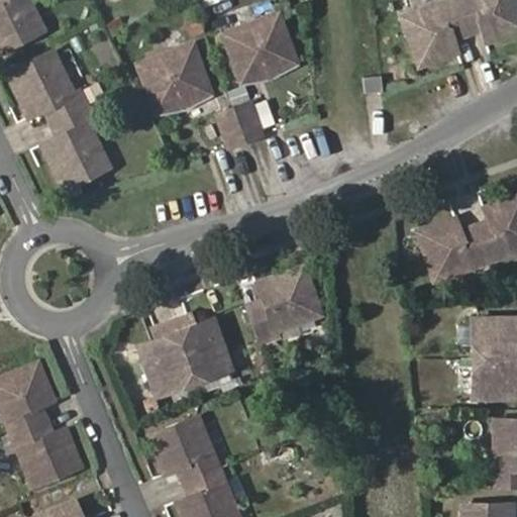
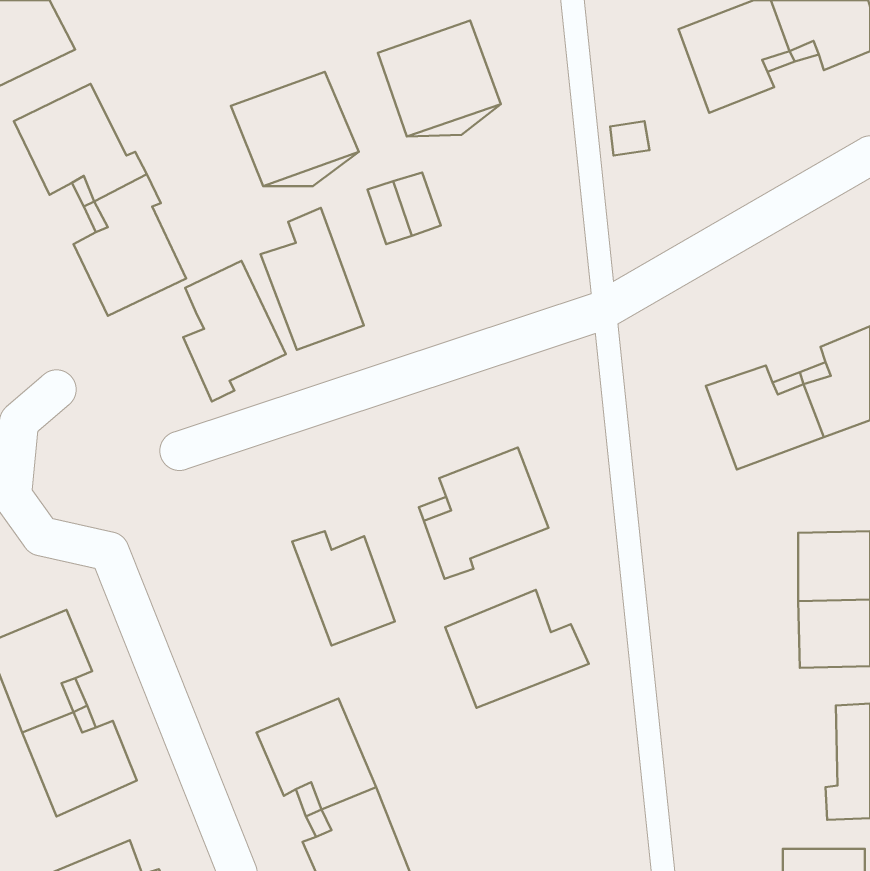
building: none -> [261,208,364,350]
building: none -> [183,261,286,401]
building: [140,321,196,396] -> none
building: none -> [445,590,589,708]

